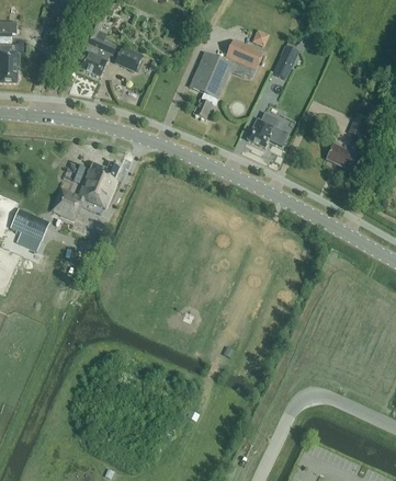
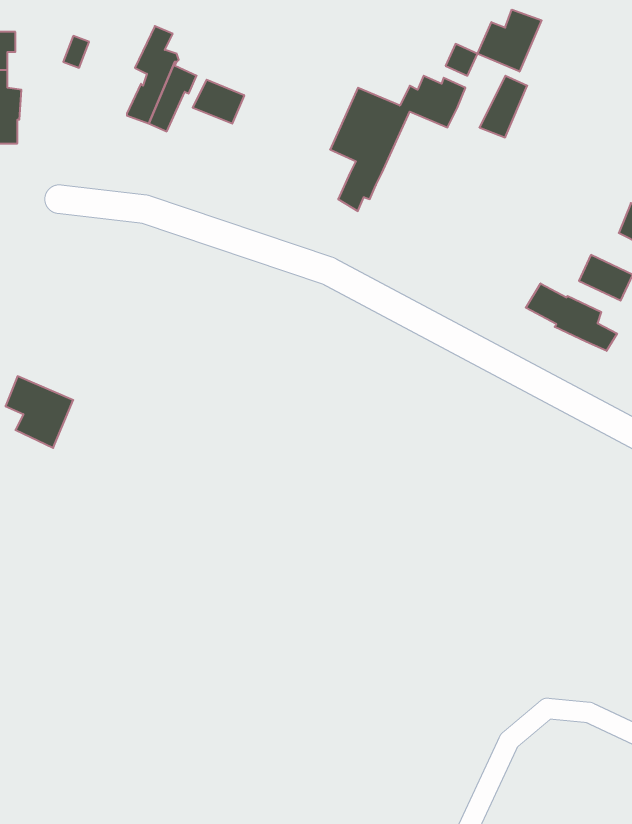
building: none -> [477,10,542,72]
building: [247,114,287,149] -> none
building: none -> [526,283,617,351]
building: [52,162,120,220] -> none

